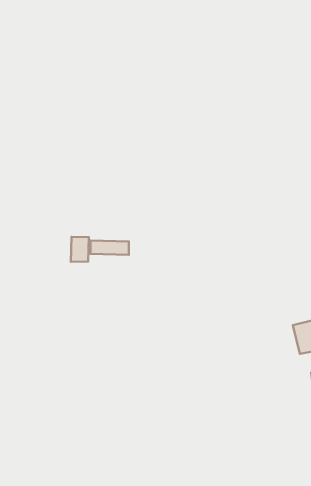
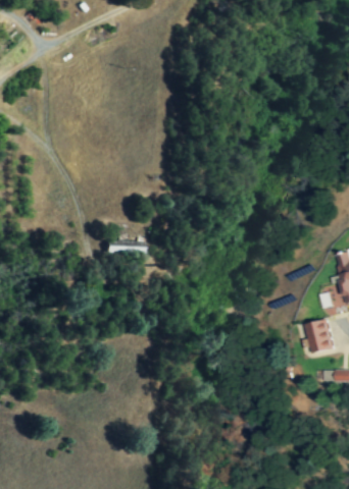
building: [71,237,89,262] -> none

